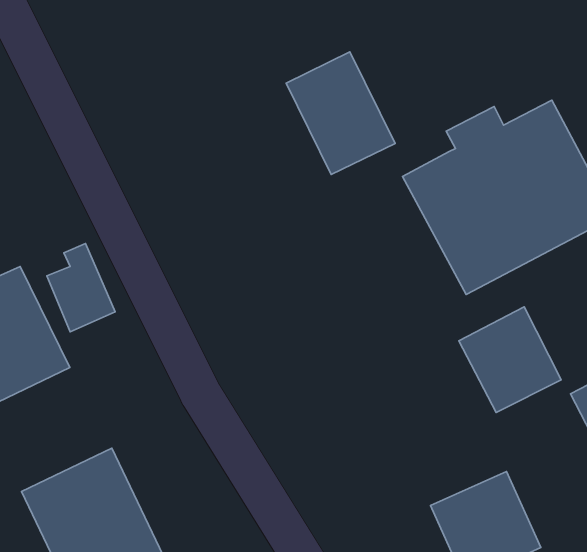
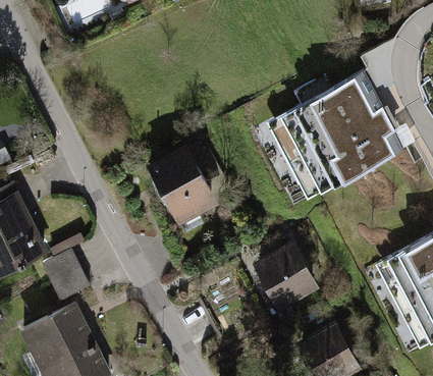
building: [286,52,395,175] -> [147,144,218,224]
building: [47,243,115,332] -> [47,241,92,300]
building: [459,307,561,412] -> [250,239,317,309]

